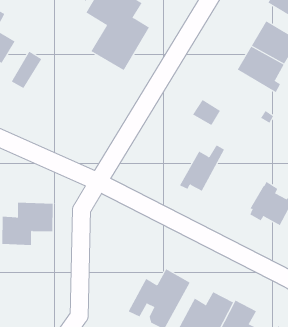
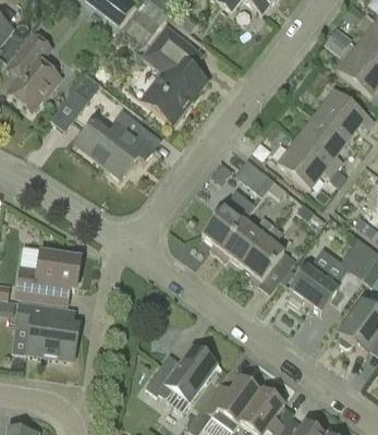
building: none -> [278,137,336,188]
building: none -> [76,120,153,178]
building: none -> [202,189,255,255]
building: none -> [242,222,295,293]
building: none -> [16,300,78,360]

